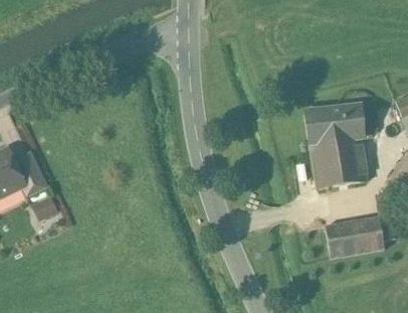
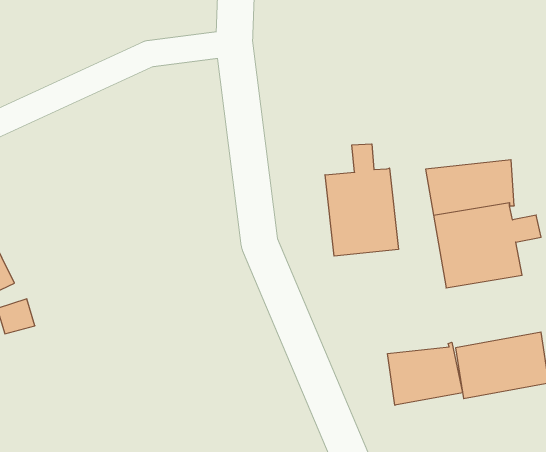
building: none -> [325,144,398,256]
building: none -> [388,342,463,405]

